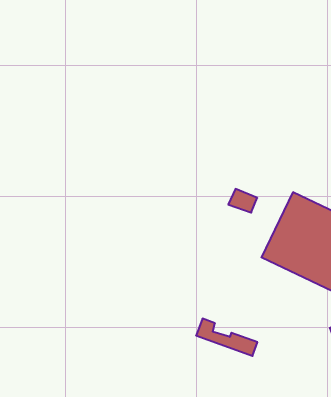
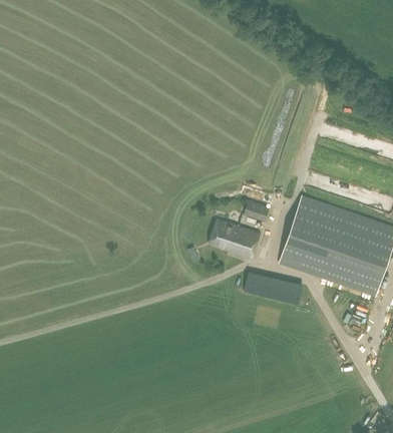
building: none -> [210,216,262,256]
building: [196,319,257,356] -> [247,277,304,306]

